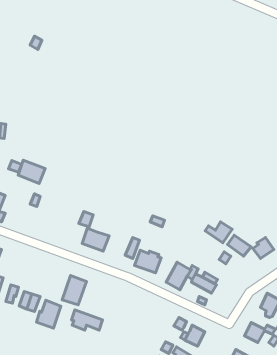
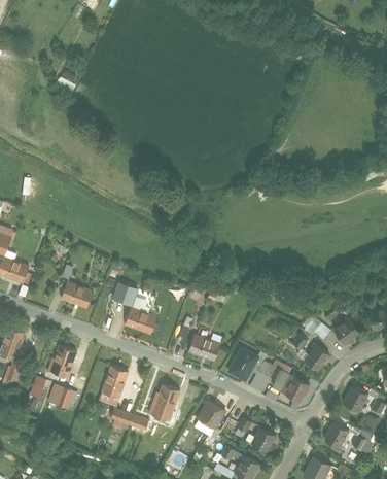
building: [18,160,45,184] -> [61,280,94,309]
building: [205,222,232,243] -> [296,346,329,372]
building: none -> [280,375,309,403]
building: none -> [147,383,180,421]
building: [37,300,61,328] -> [47,343,77,377]
building: none -> [197,399,226,429]

